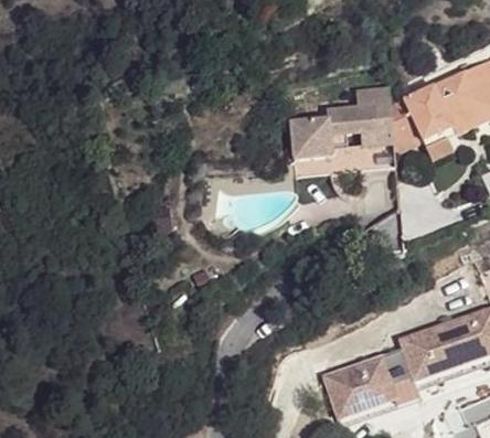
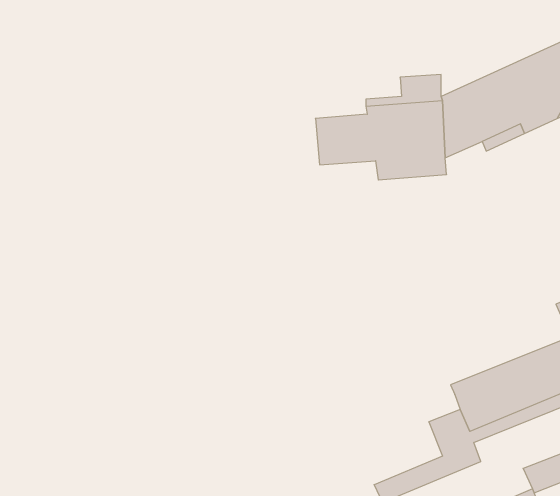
building: [321,344,407,417] -> none

